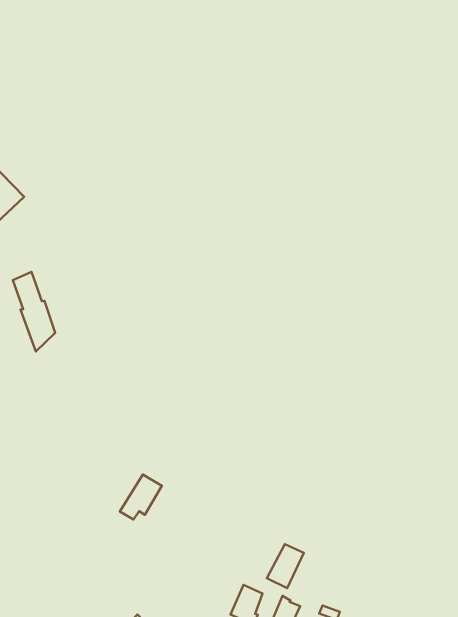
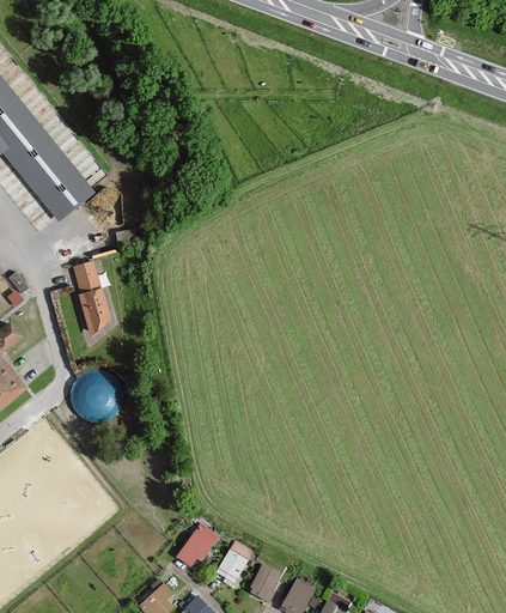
building: [120,474,162,520] -> [177,524,218,565]
building: [267,544,304,588] -> [217,542,252,583]

